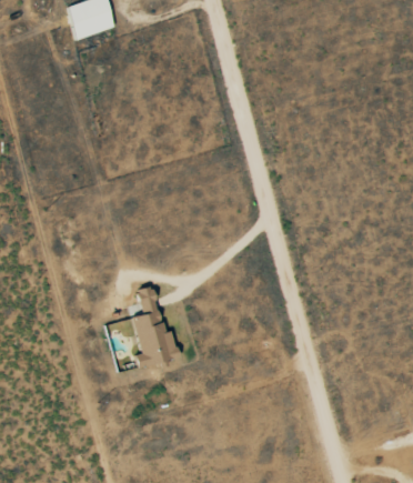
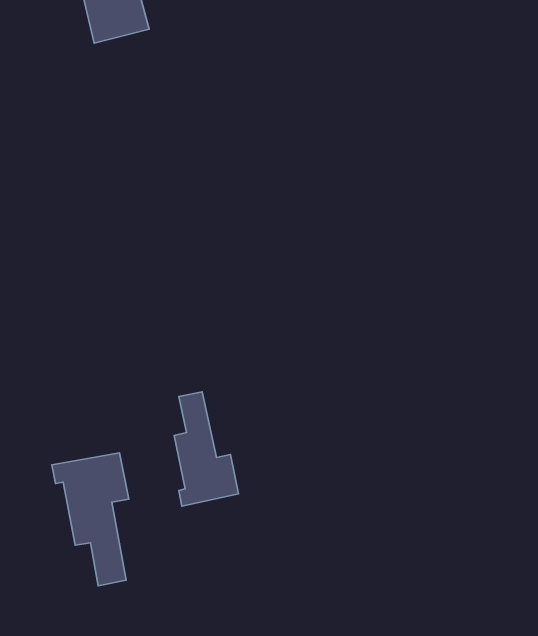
building: none -> [52,453,129,586]

